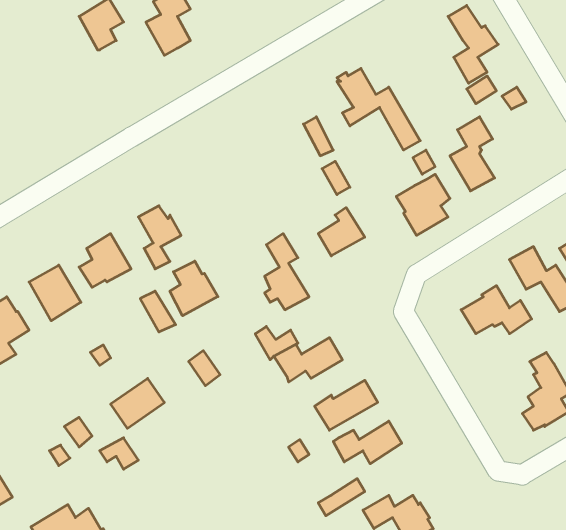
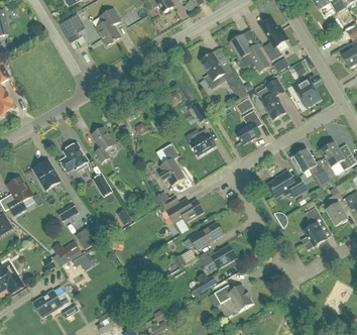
building: none -> [230,33,269,71]
building: none -> [293,79,320,107]
building: [170,261,218,316] -> none

